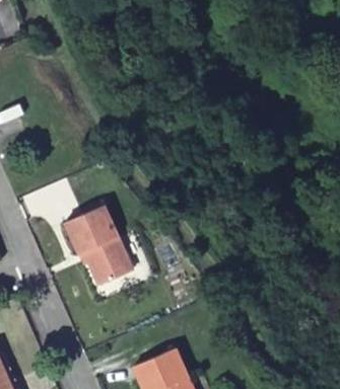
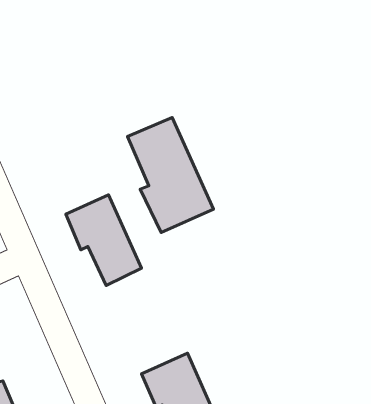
building: none -> [127,118,213,232]

